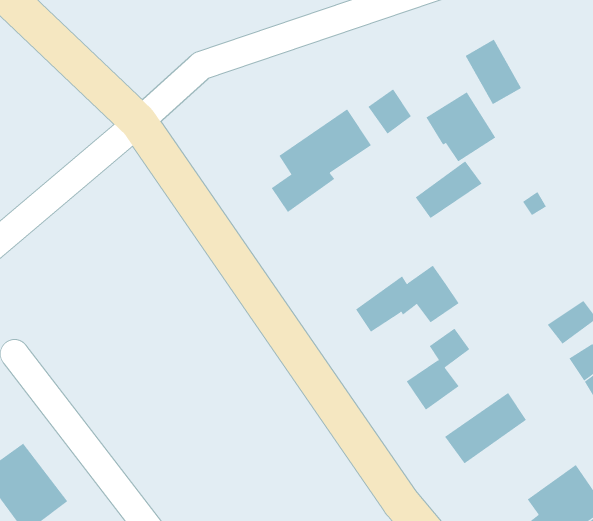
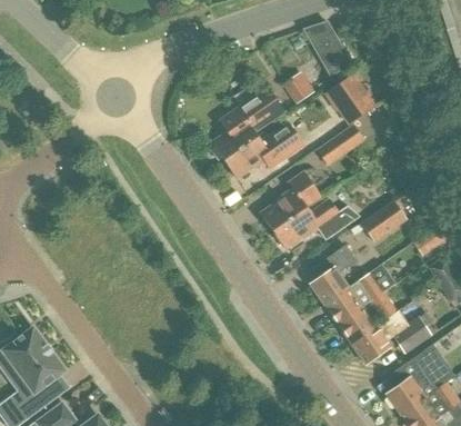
building: [465,39,522,105] -> [311,28,352,76]
building: none -> [224,121,305,177]
building: none -> [261,170,322,230]
building: none -> [360,198,409,242]
building: none -> [324,270,384,323]
building: none -> [352,309,432,363]

